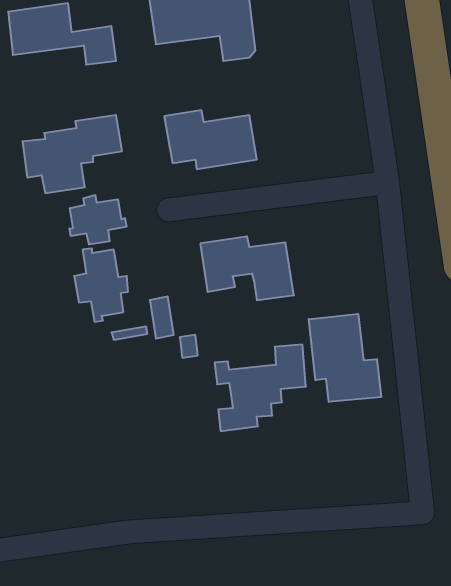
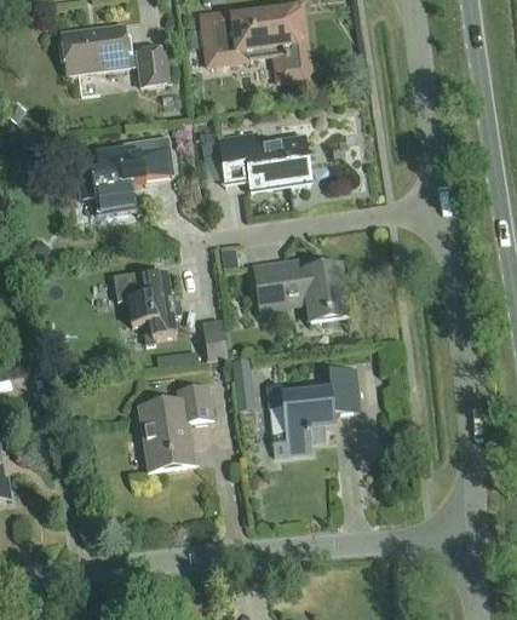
building: [69,195,126,245] -> none
building: [309,314,381,402] -> none
building: none -> [137,388,213,471]

